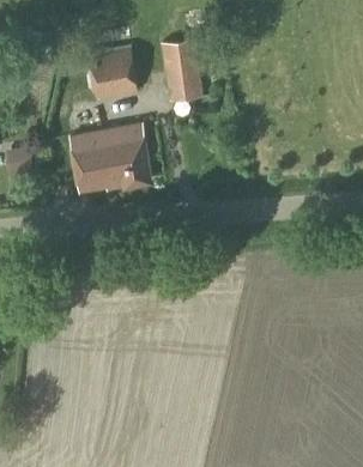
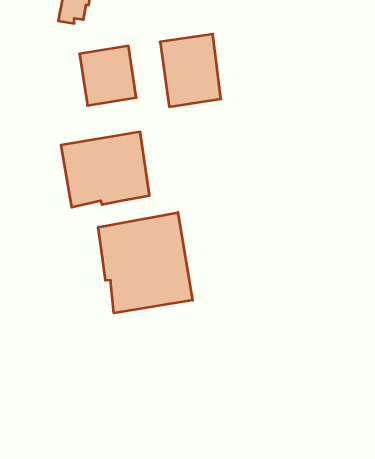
building: none -> [98,212,193,313]

